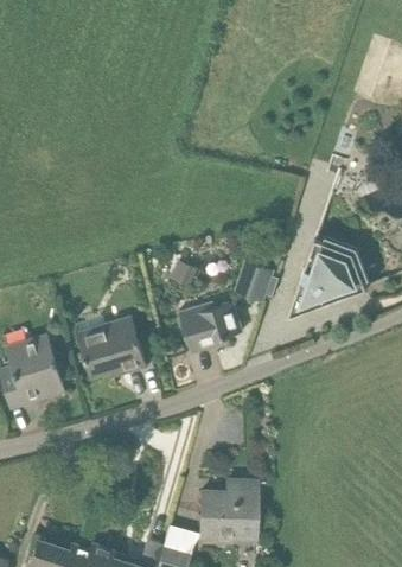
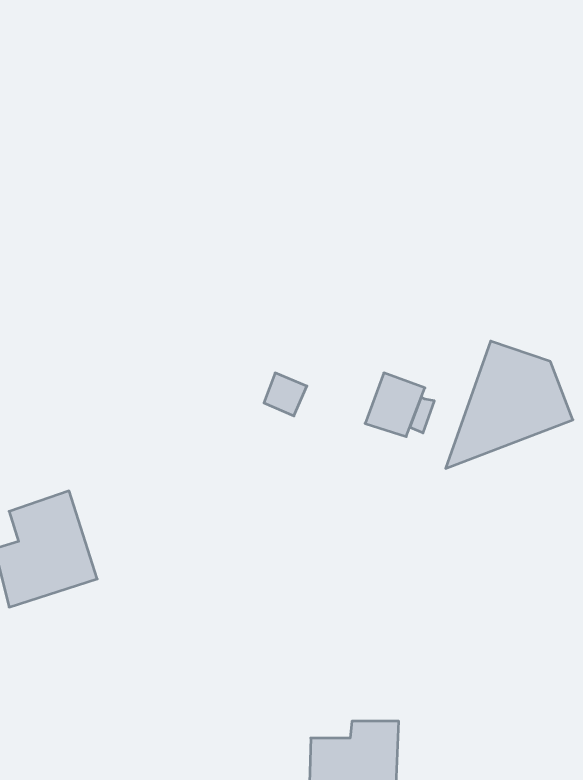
building: [179,301,242,352] -> none
building: [77,317,146,377] -> none

